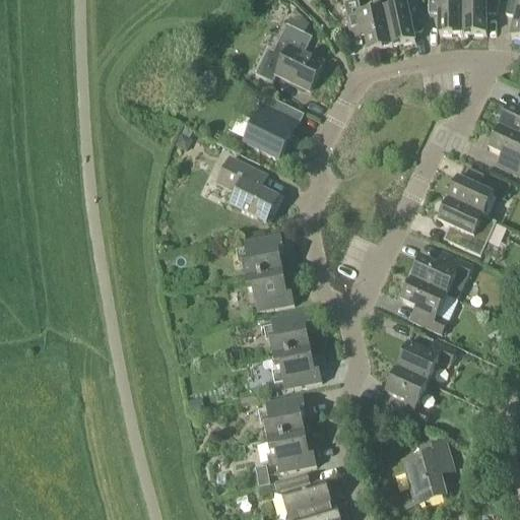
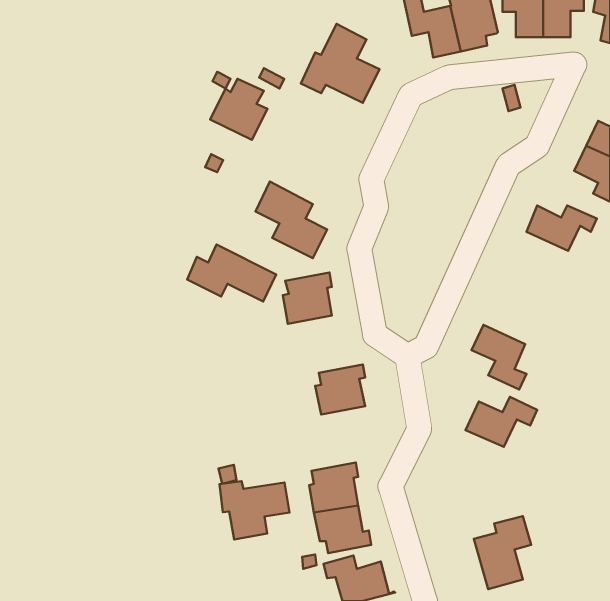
building: [244,106,292,157] -> [210,79,267,140]
building: [438,197,497,253] -> none
building: none -> [187,245,276,301]
building: [411,251,473,297] -> none
building: [245,268,294,309] -> none
building: [273,345,322,386] -> none
building: [385,366,429,422] -> none
building: none -> [219,481,289,540]

